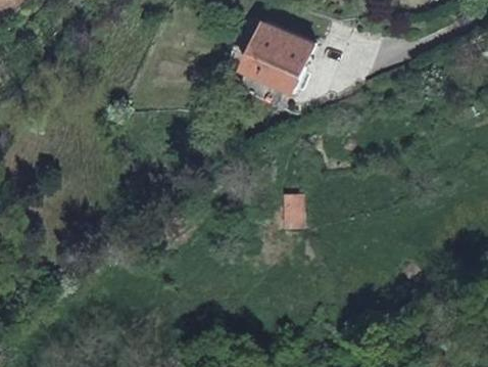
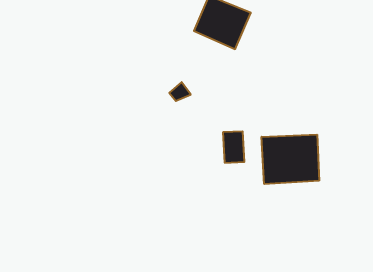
building: none -> [262,135,319,184]

